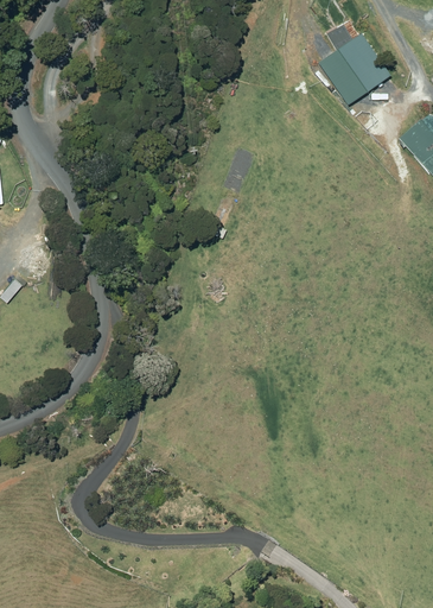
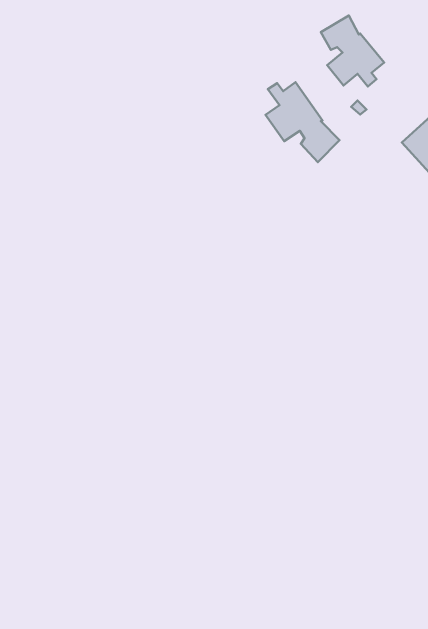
building: none -> [265,82,339,162]

